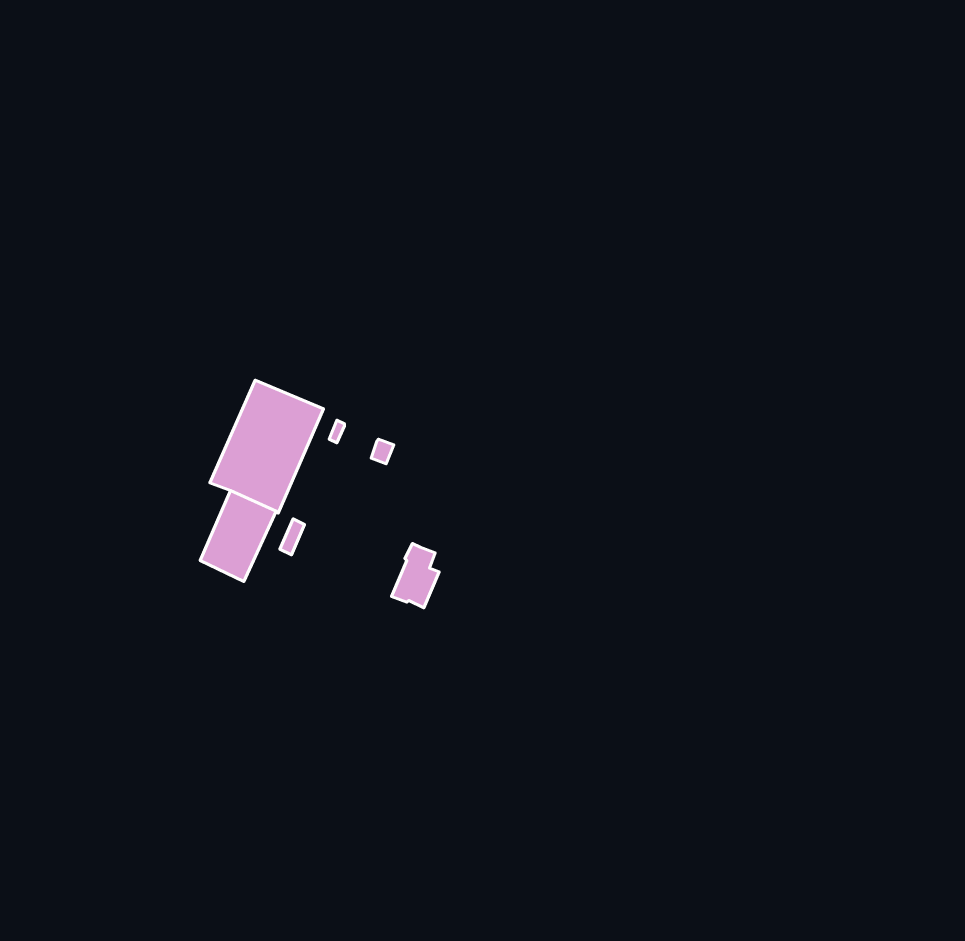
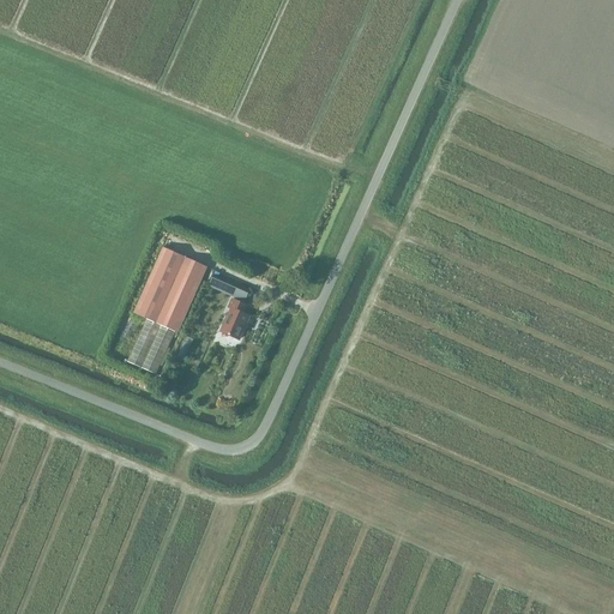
building: [392,543,439,608] -> [221,299,251,339]

